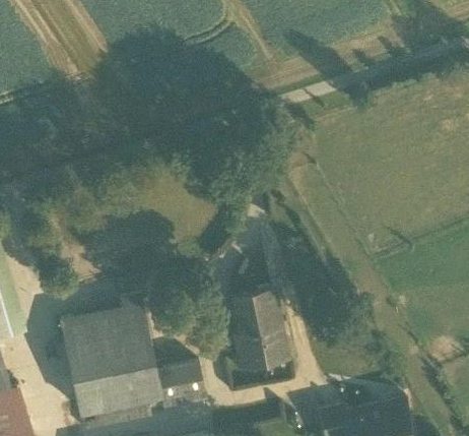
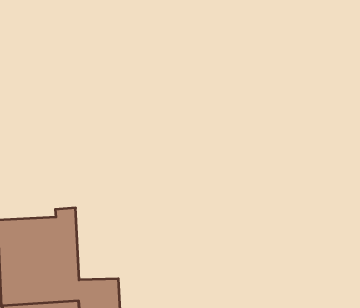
building: [233,290,287,370] -> none

